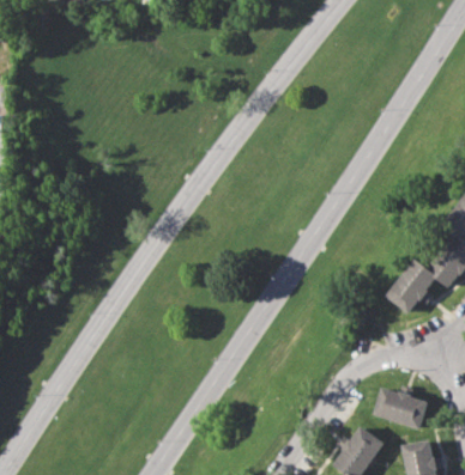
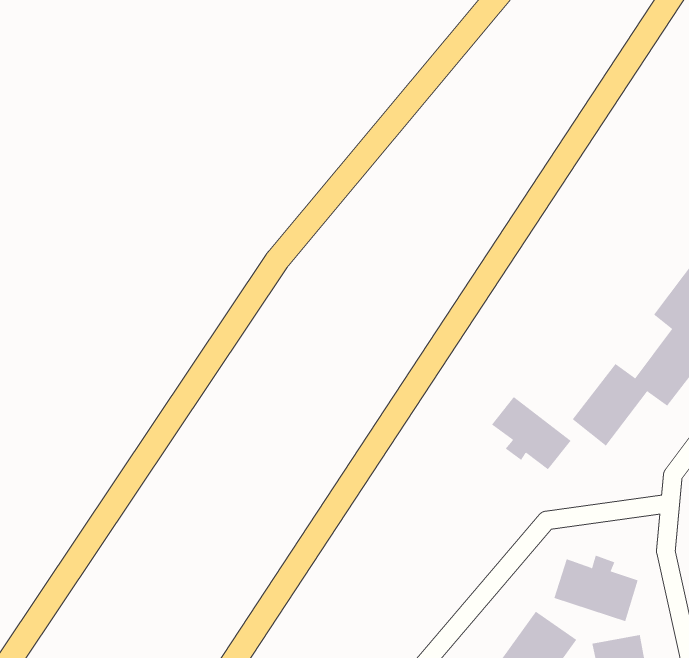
building: none -> [491,396,572,470]

